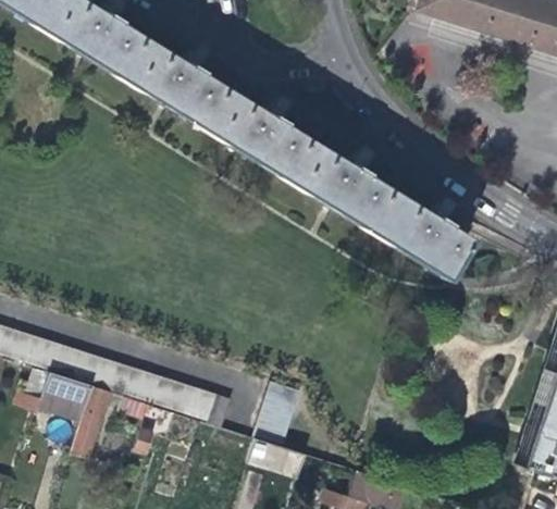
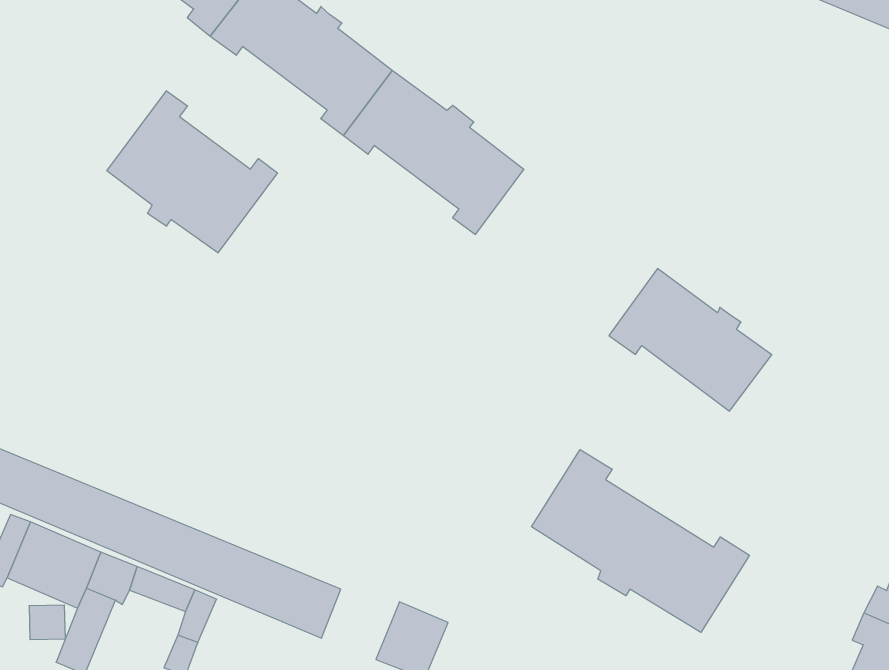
building: none -> [107,91,277,253]
building: [294,145,401,237] -> none
building: none -> [532,450,749,632]

